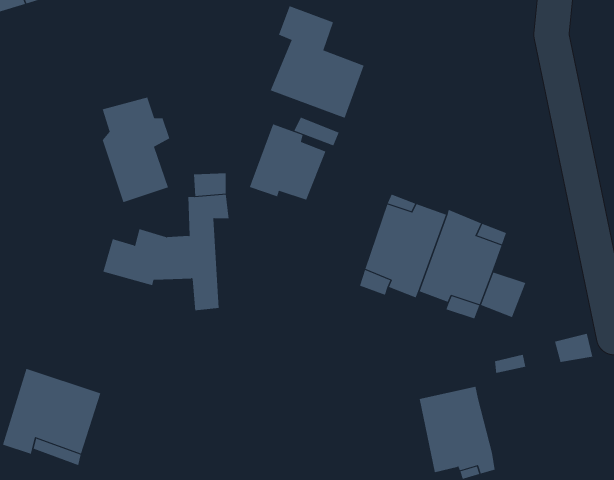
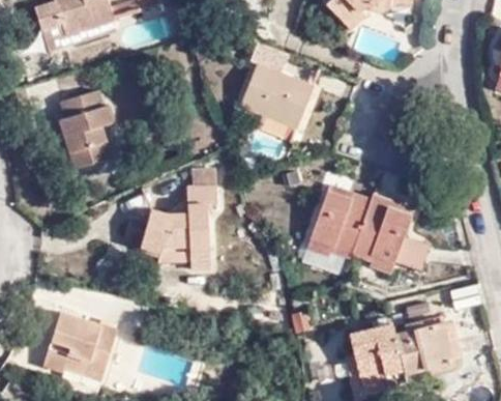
building: [102,97,170,203] -> [56,89,107,168]
building: [249,123,326,200] -> none
building: none -> [397,320,456,373]

